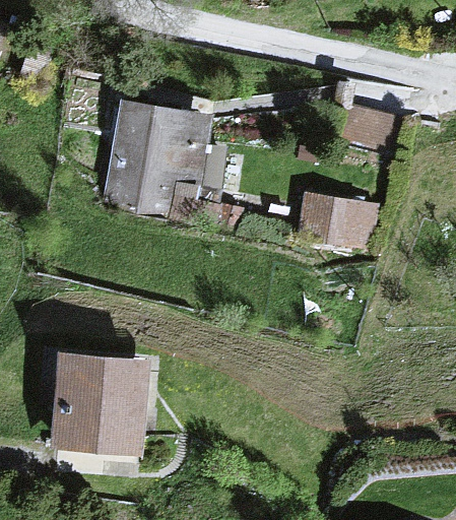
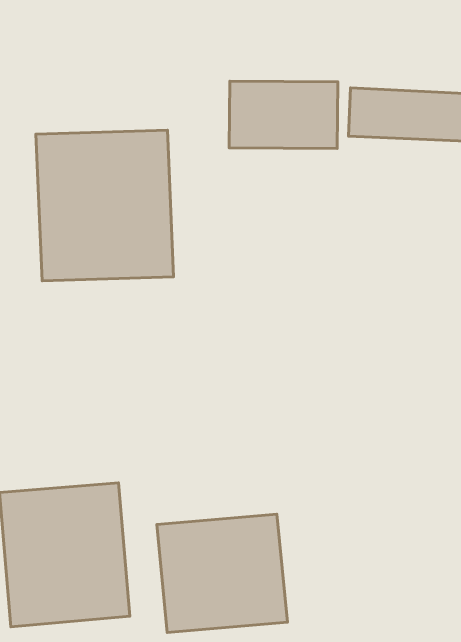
building: [300,189,384,248] -> [229,81,338,149]
building: none -> [157,514,287,632]

